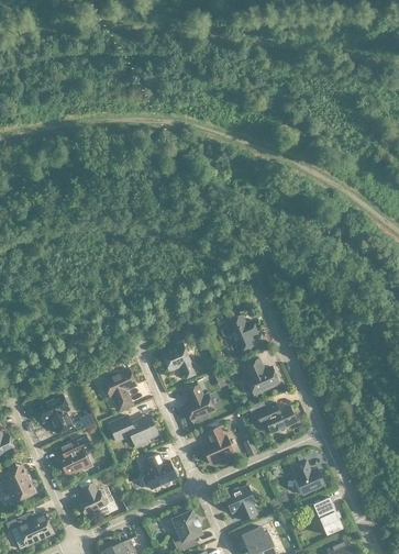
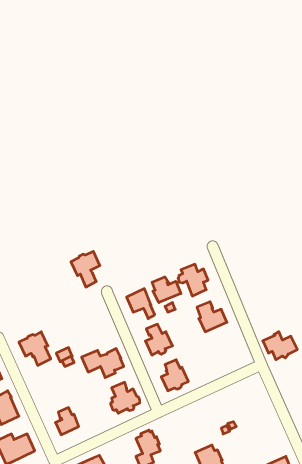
building: none -> [152,277,181,303]
building: [102,368,136,410] -> [71,251,100,287]
building: [256,400,297,433] -> [263,332,297,360]
building: [59,434,91,475] -> none
building: [293,461,324,494] -> none
building: [224,486,256,520] -> none
building: [309,497,343,534] -> none

